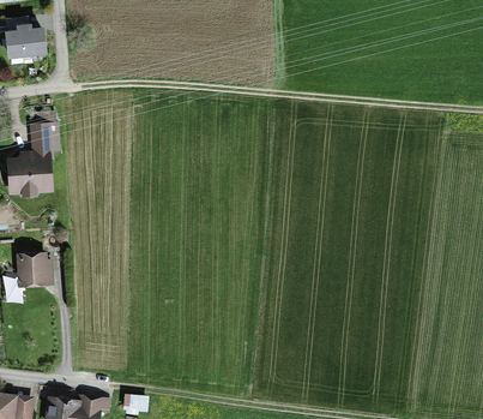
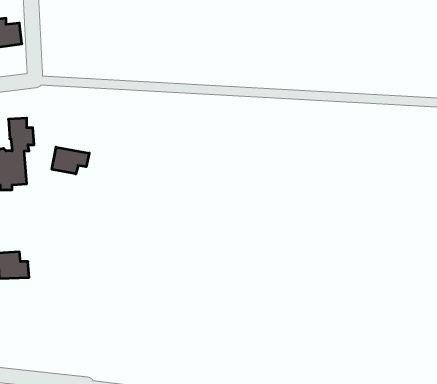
building: none -> [52,147,89,174]

